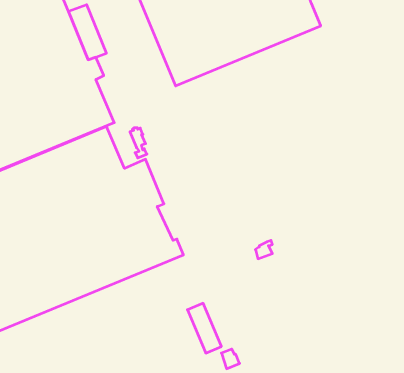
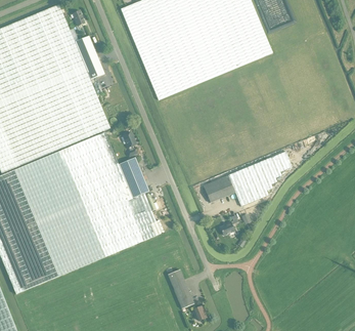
building: none -> [202,151,291,206]

